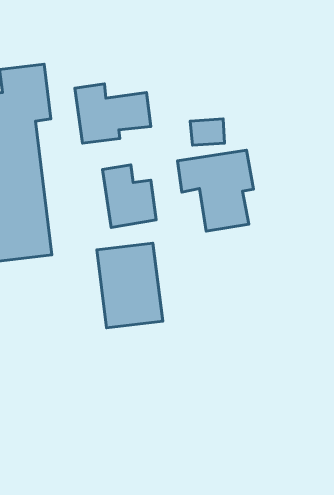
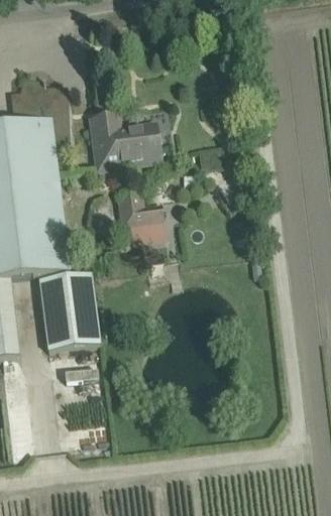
building: [177,150,253,231] -> none
building: [97,243,163,328] -> [39,270,100,348]

